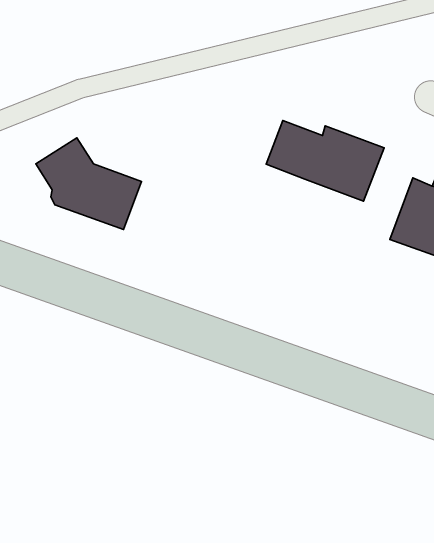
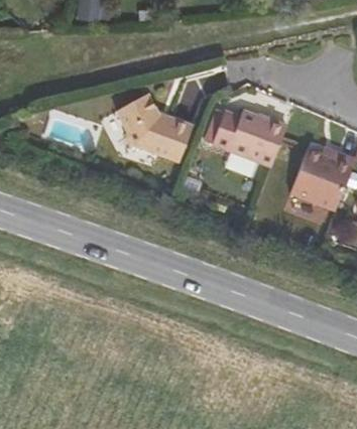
building: [36,138,141,230] -> [114,96,192,163]

